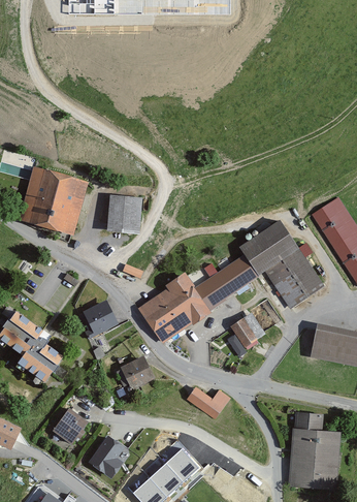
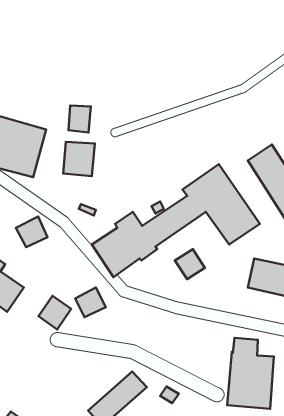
building: none -> [68,106,91,133]
building: [82,300,117,334] -> [16,217,47,247]
building: [186,385,229,418] -> none
building: [52,407,88,444] -> [38,296,71,329]
building: [91,436,123,474] -> none

